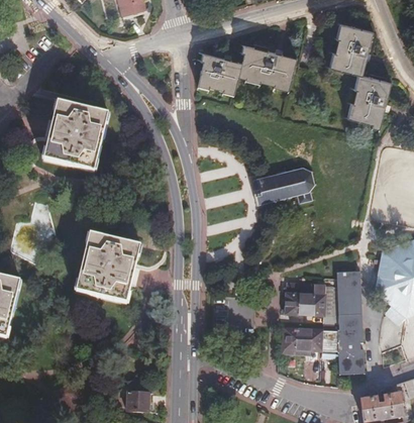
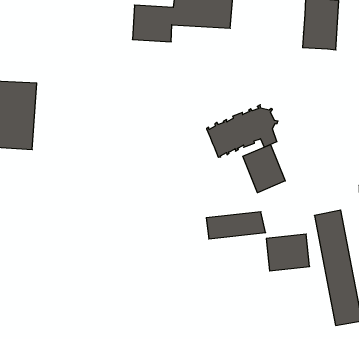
building: none -> [243,145,285,193]
building: [76,232,139,302] -> none
building: [285,329,336,351] -> [206,212,266,239]

